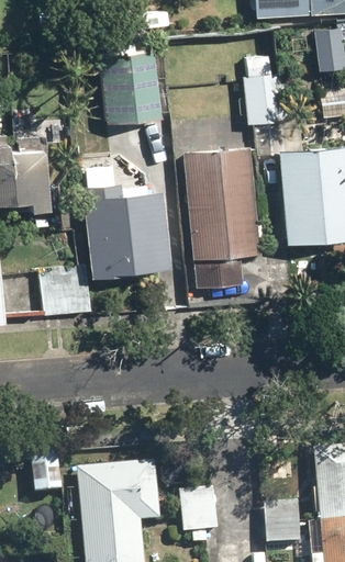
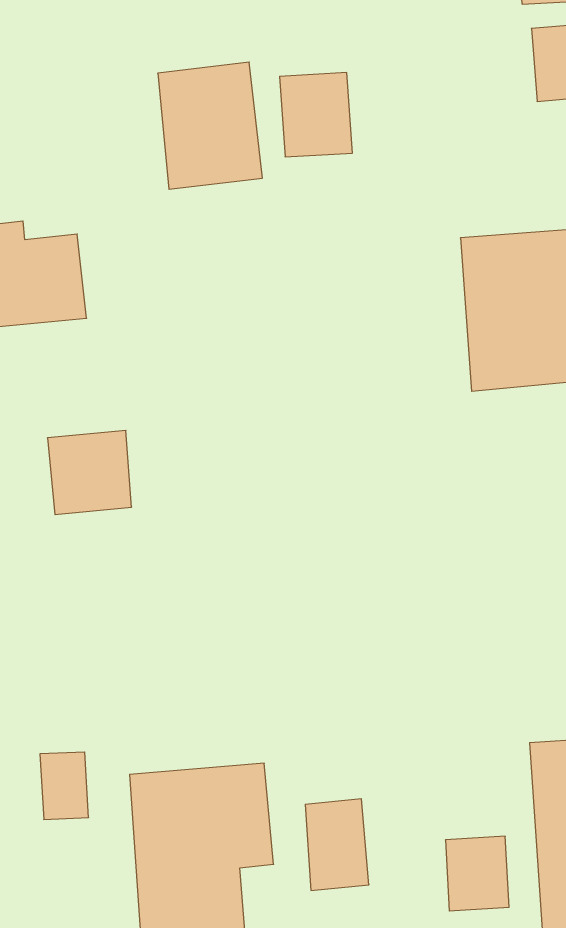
building: [242,76,285,125] -> [280,73,352,157]
building: [178,151,255,292] -> none
building: [80,183,166,276] -> none

